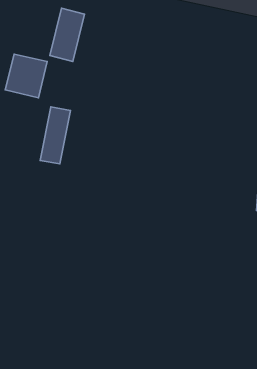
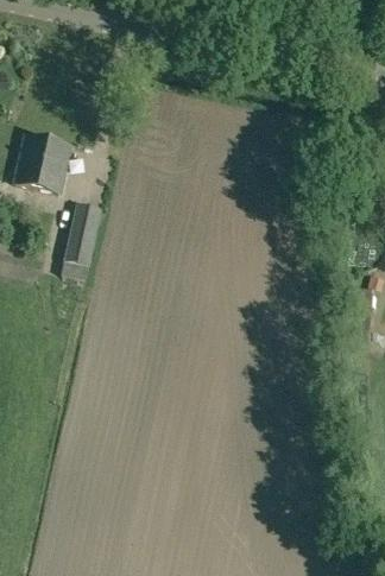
building: [50,8,85,62] -> none

